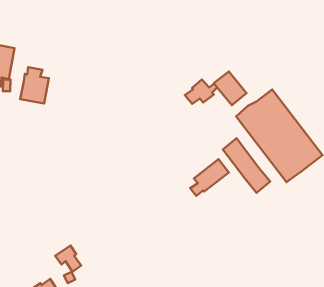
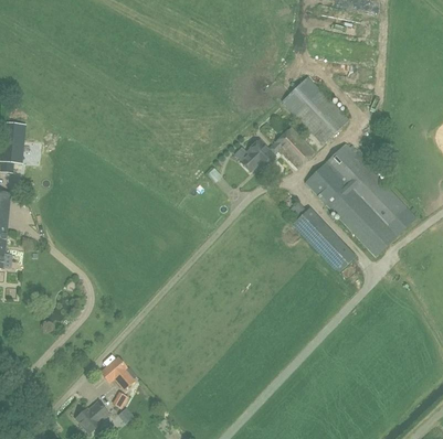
building: none -> [282,76,348,143]
building: [20,67,49,103] -> none
building: [190,159,229,196] -> none

